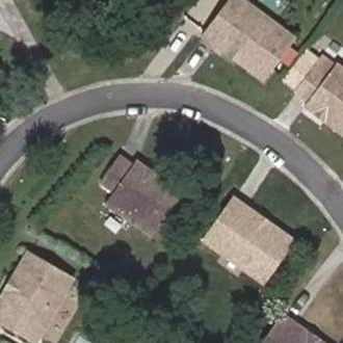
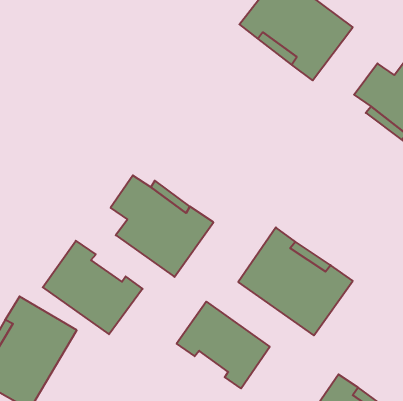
building: none -> [43,241,143,334]
building: none -> [177,302,270,388]

